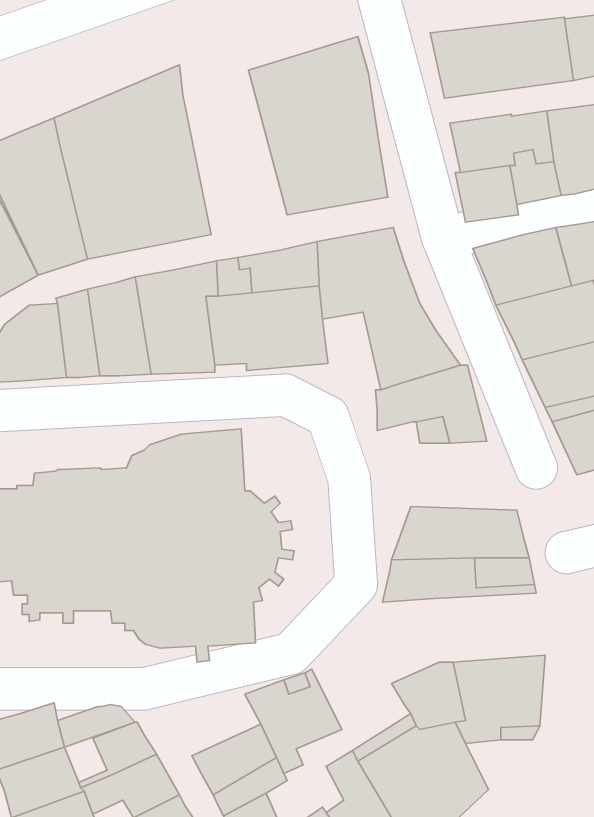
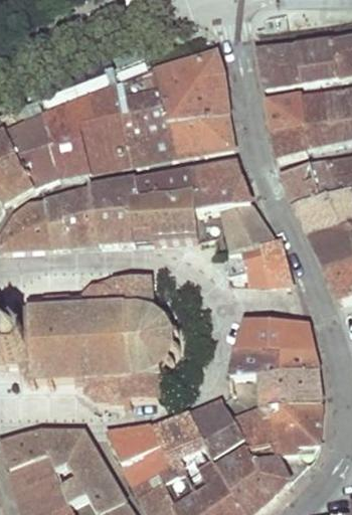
building: none -> [114,54,175,163]
building: none -> [258,367,322,406]
building: none -> [189,396,242,453]
building: none -> [108,424,160,460]

